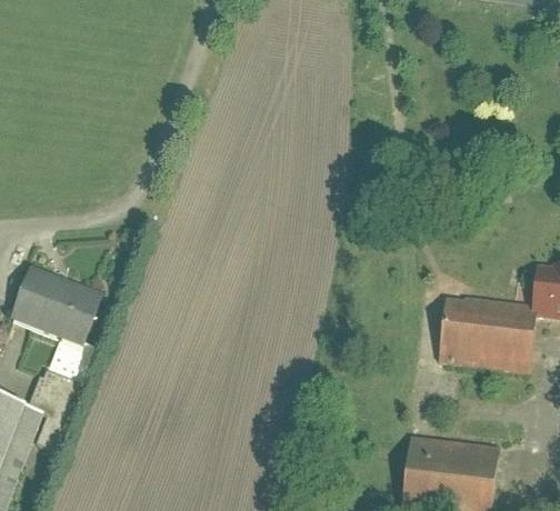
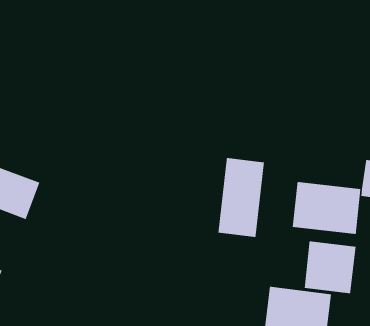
building: none -> [218,157,265,238]
building: none -> [304,241,356,294]

